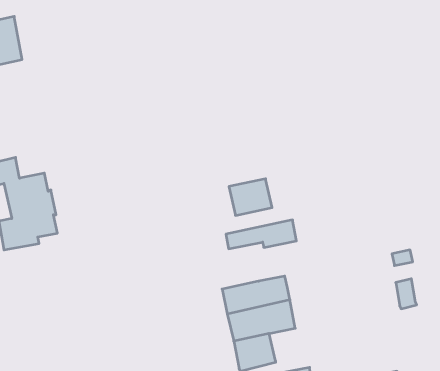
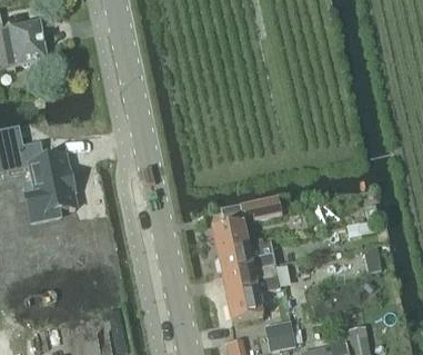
building: [229,179,272,215] -> [211,223,248,254]

